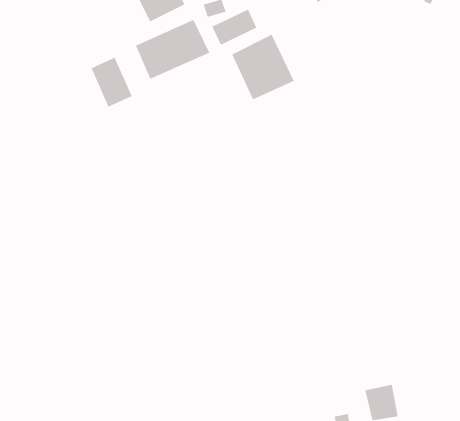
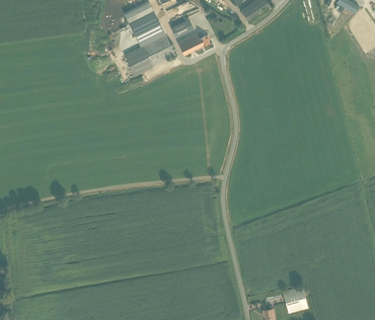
building: [232,34,294,100] -> none
building: [91,57,132,108] -> none

